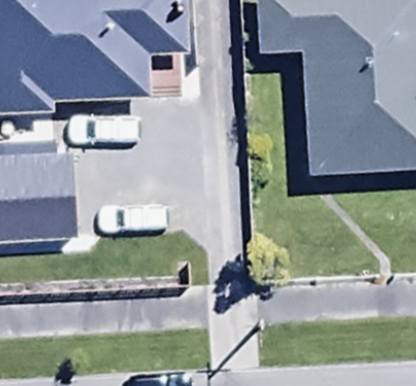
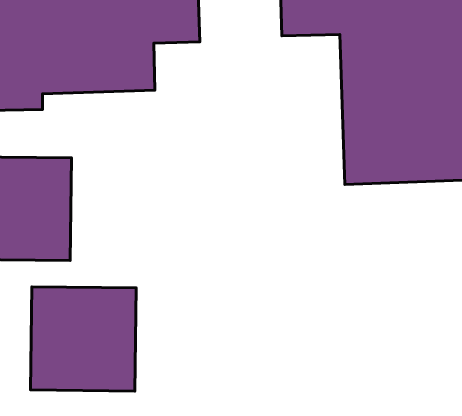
building: none -> [31,287,136,391]

